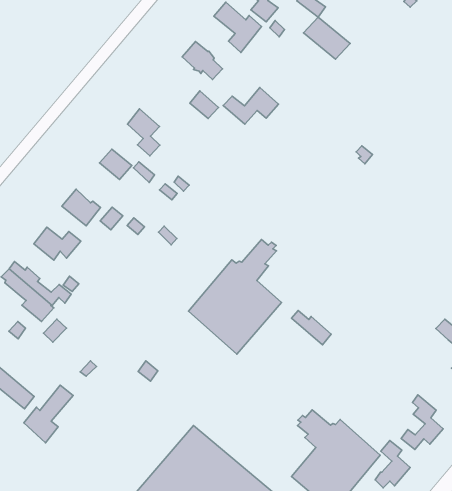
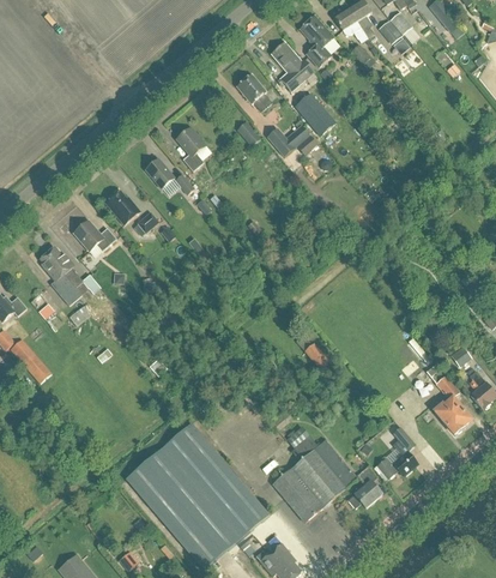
building: [303,17,350,59] -> [295,94,335,134]
building: [188,240,281,354] -> none
building: [24,385,73,443] -> none

